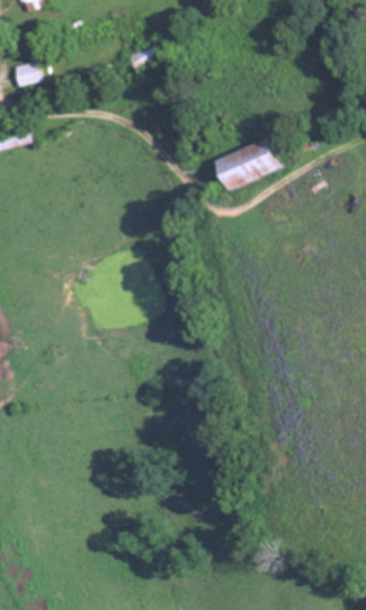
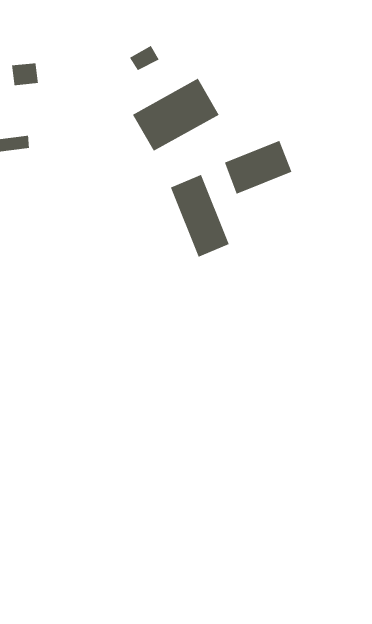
building: none -> [132,78,220,152]
building: none -> [170,174,230,258]

